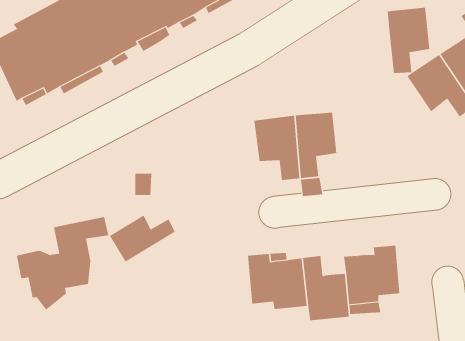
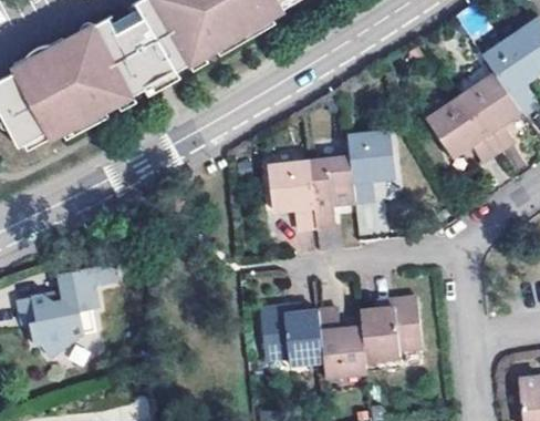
building: [387,7,430,74] -> [347,130,393,199]
building: [109,214,175,263] -> none

